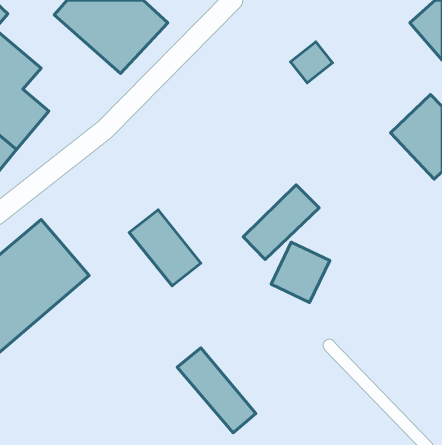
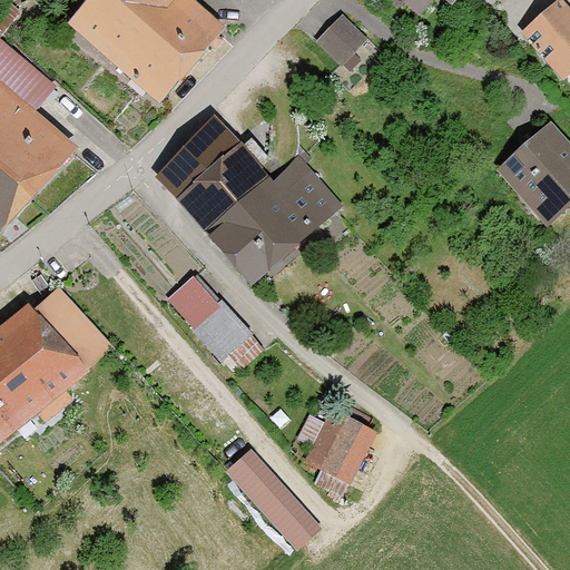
building: [291,42,332,83] -> [317,16,371,68]
building: none -> [159,101,342,284]
building: [243,185,319,260] -> none
building: [271,242,330,302] -> [299,402,374,479]

